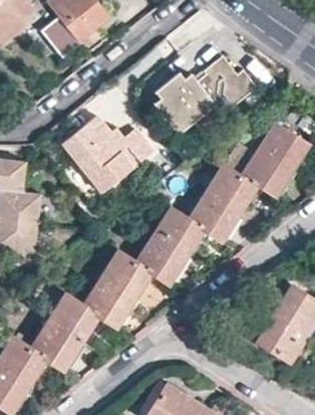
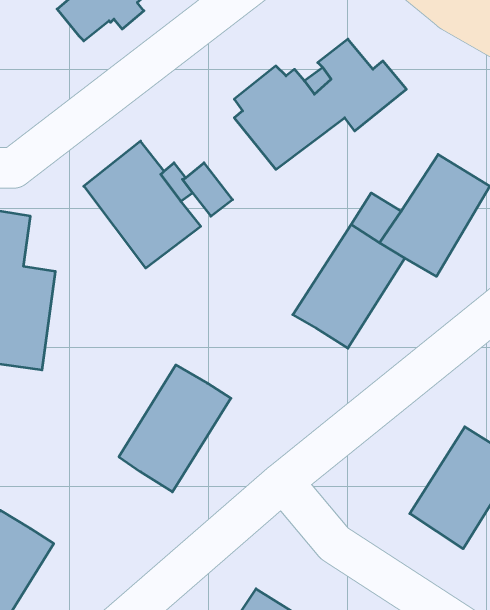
building: [137,208,203,282] -> none
building: [31,293,97,369] -> none

